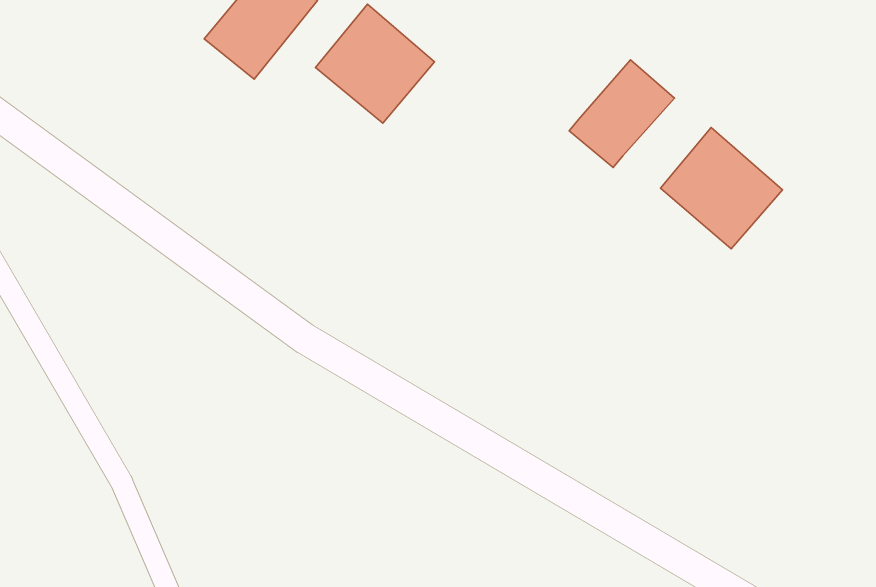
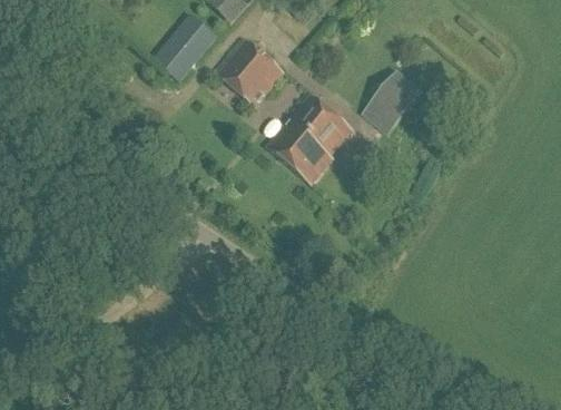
building: none -> [267,95,352,184]
building: [661,127,782,249] -> none

